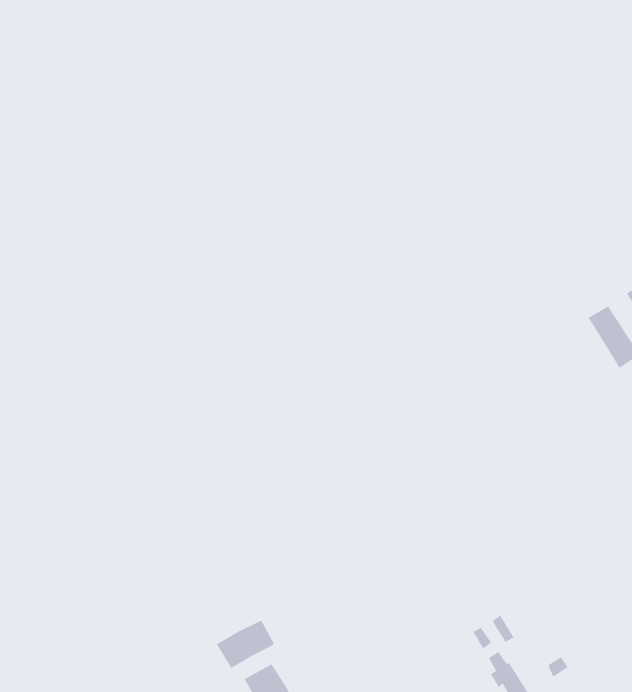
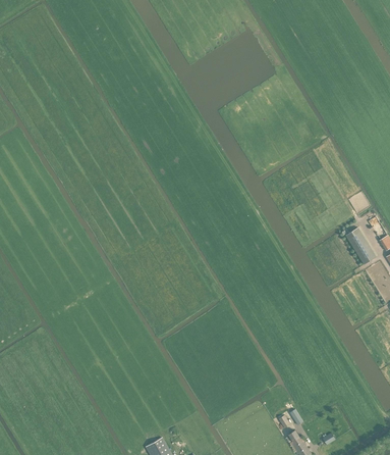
building: [216,620,275,669] -> none

